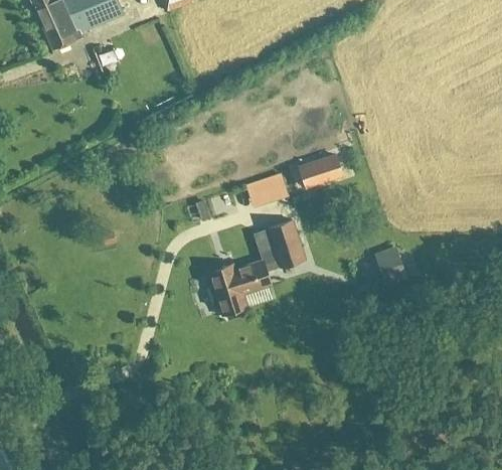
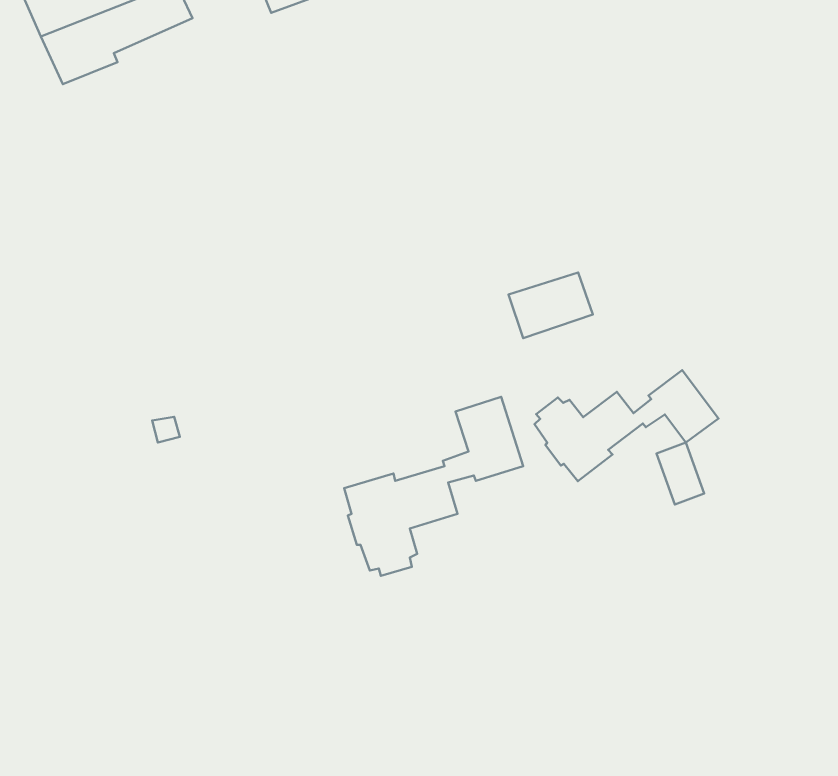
building: [245,172,290,207] -> none
building: none -> [534,370,719,481]

